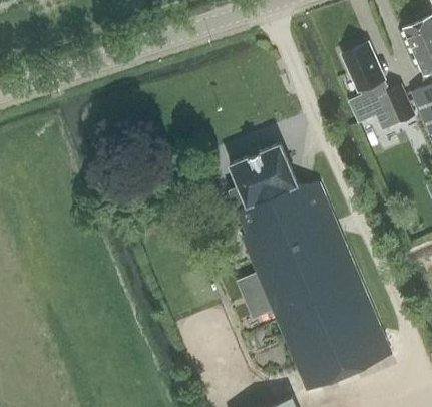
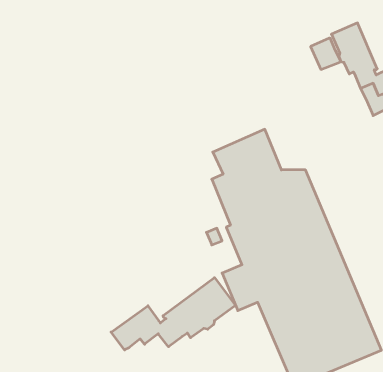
building: [348,93,377,123] -> [311,38,341,69]
building: none -> [111,278,236,350]

